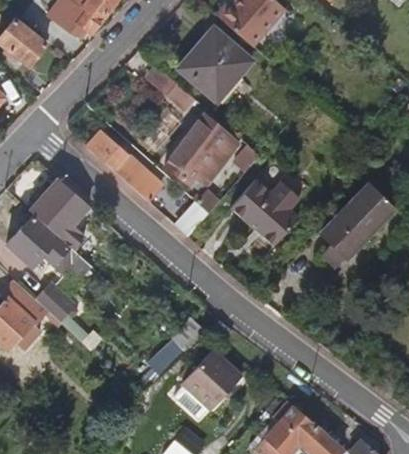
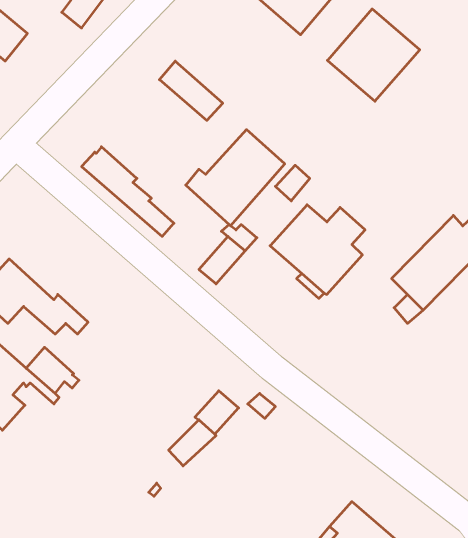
building: [181,32,251,102] -> [327,9,420,101]
building: [40,178,88,230] -> none
building: [182,347,242,407] -> none

